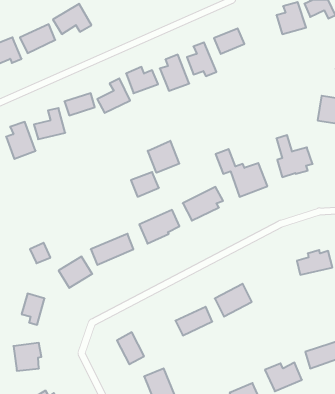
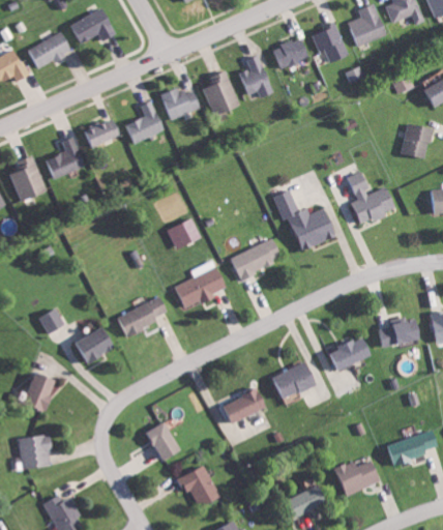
building: none -> [309,24,348,63]
building: [148,141,179,173] -> none
building: none -> [328,336,372,370]

